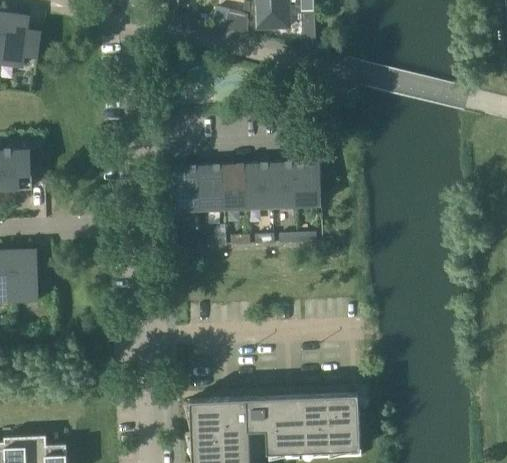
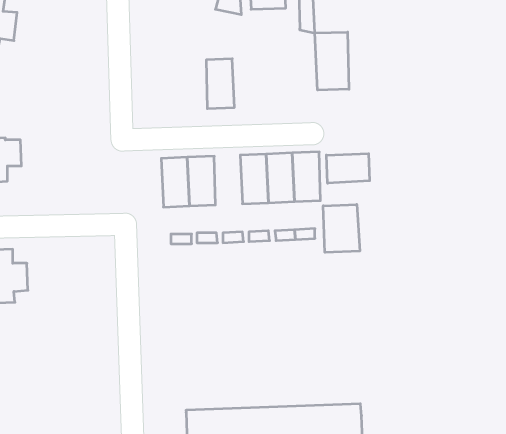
building: none -> [315,32,349,90]
building: none -> [326,154,370,183]
building: [221,164,247,210] -> [206,59,234,109]
building: none -> [323,204,360,252]

